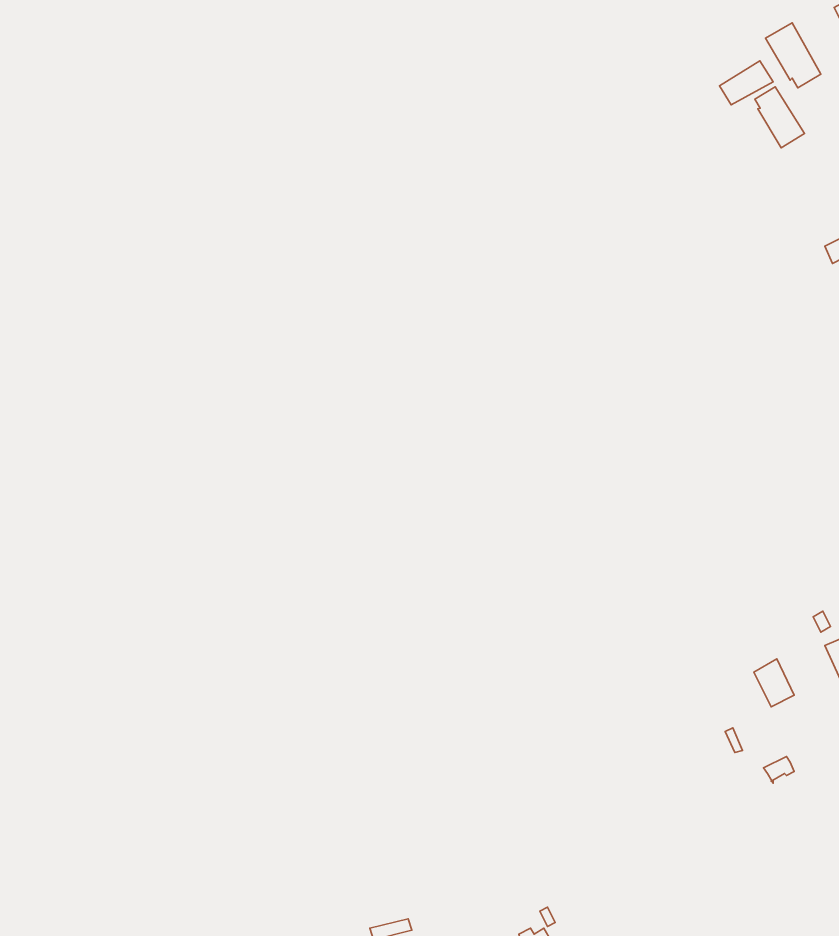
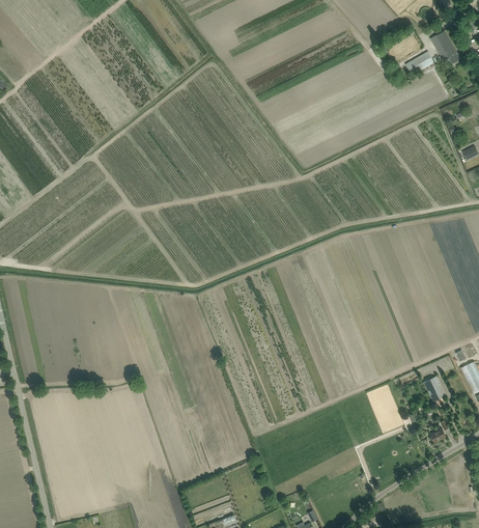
building: [755,87,805,148] -> none

